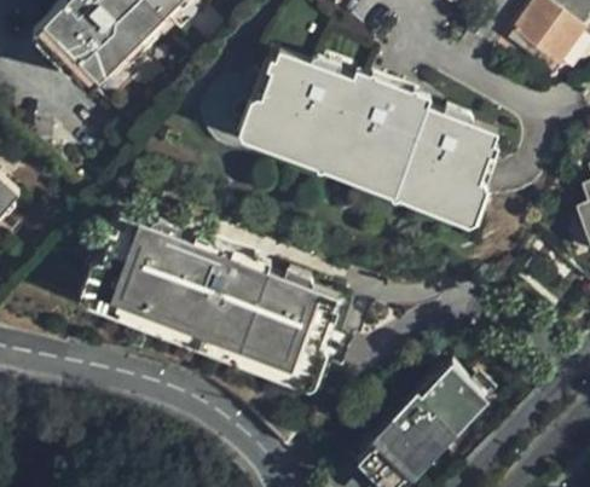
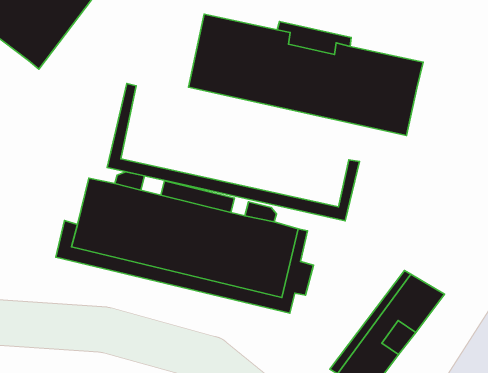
building: [233,53,502,232] -> [107,84,359,221]

